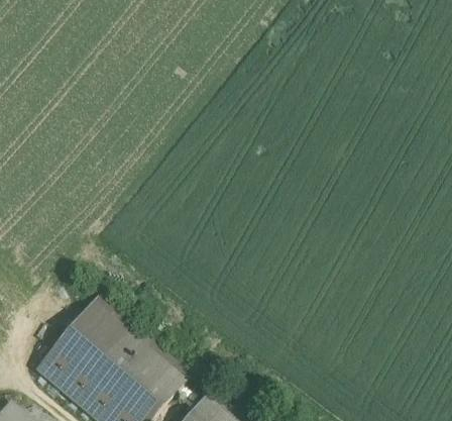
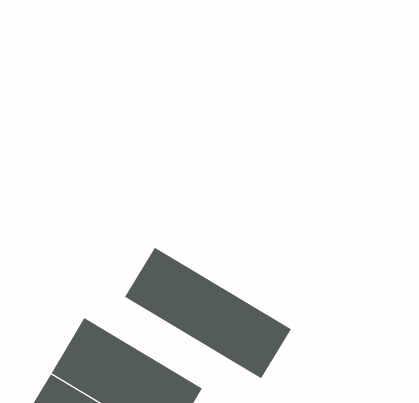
building: none -> [124,247,292,379]

